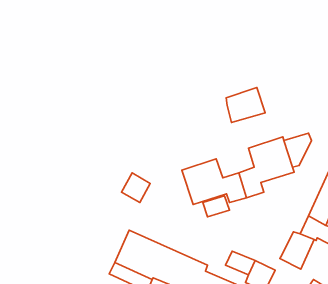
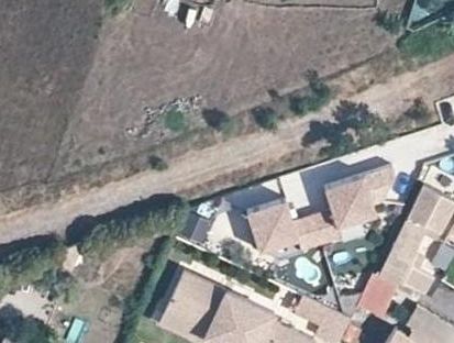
building: [226,88,265,122] -> none

